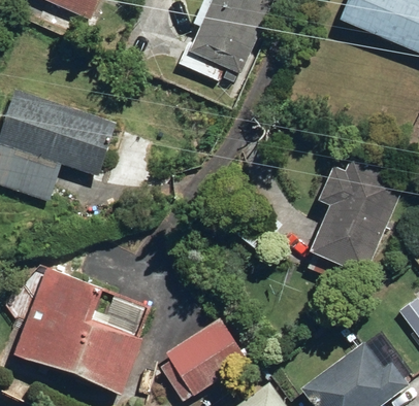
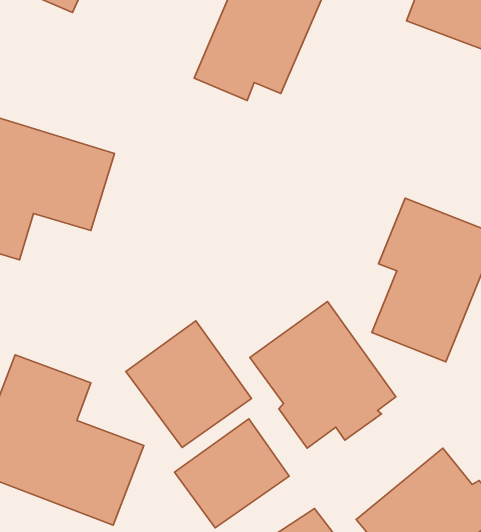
building: none -> [250,302,396,448]
building: none -> [126,321,251,448]

